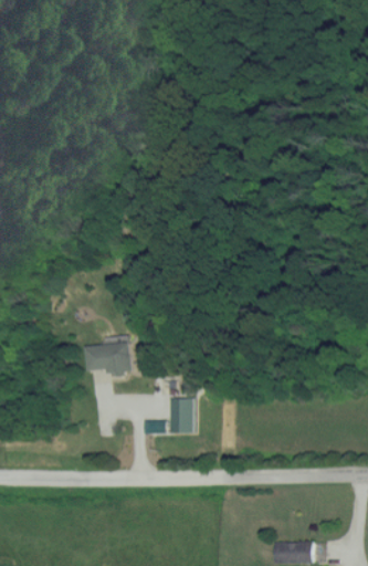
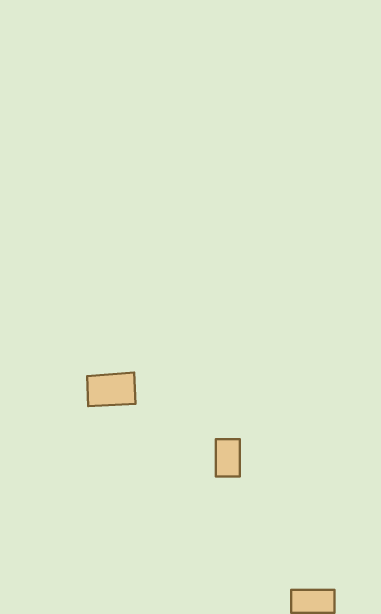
building: [174,399,196,433] -> [216,439,240,476]

